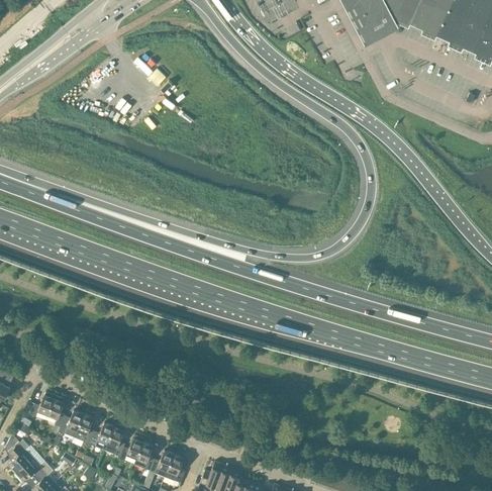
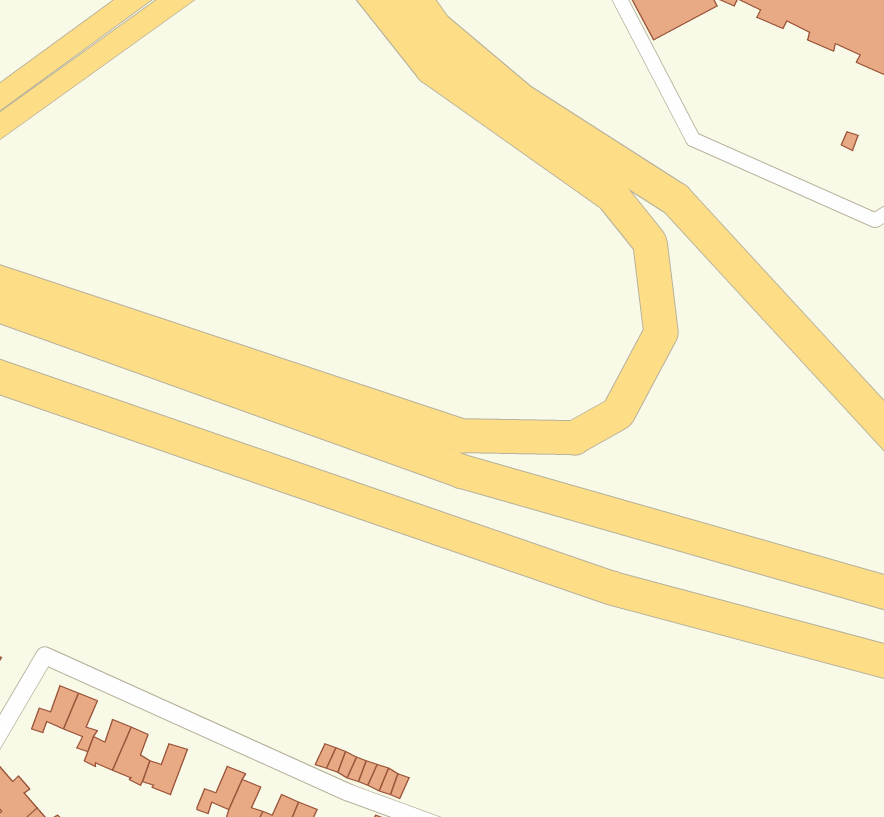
building: [105,424,125,458] -> none

